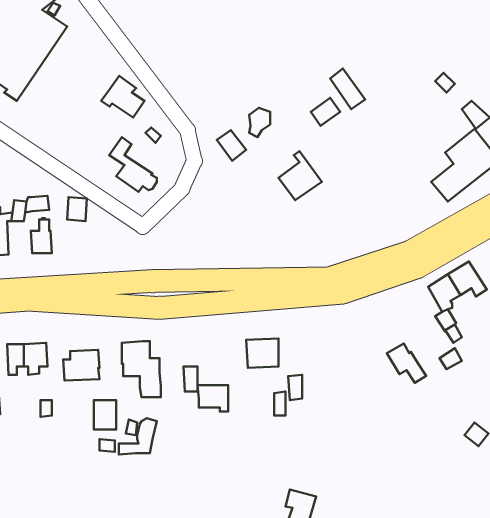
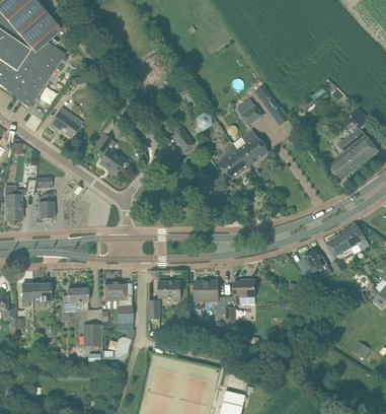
building: [101,76,144,118] -> [49,107,80,137]
building: none -> [233,129,268,165]
building: none -> [233,279,255,303]
building: [387,344,426,383] -> [304,249,332,277]
building: [197,385,228,412] -> [158,280,180,299]

